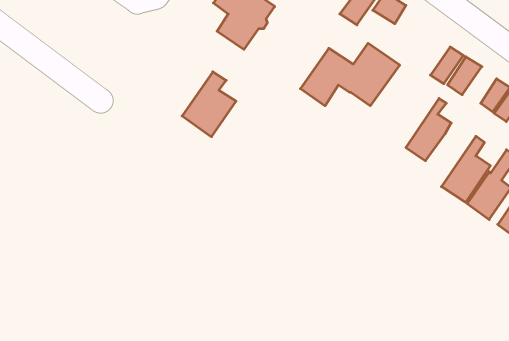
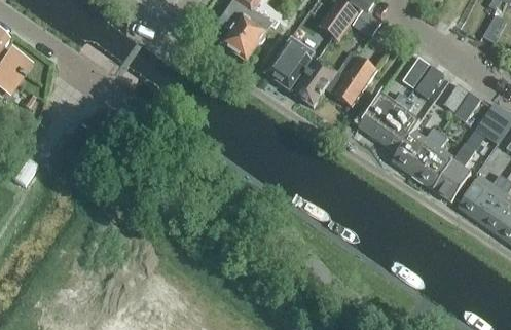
building: [182,72,236,137] -> [265,35,311,89]
building: none -> [360,94,409,141]
building: none -> [393,126,440,174]

